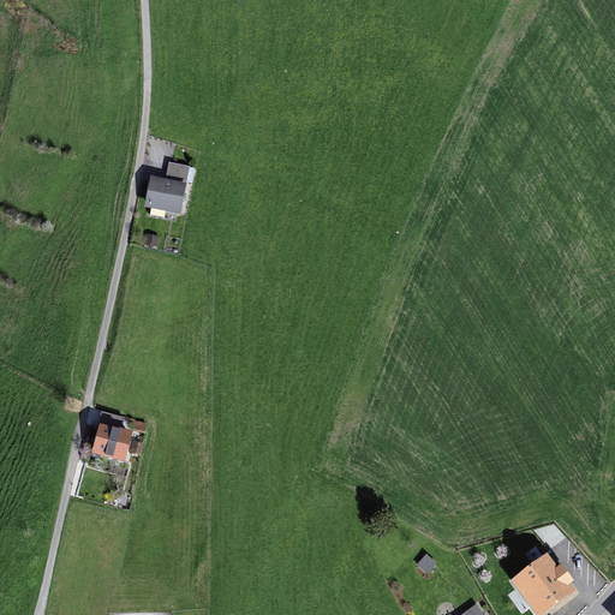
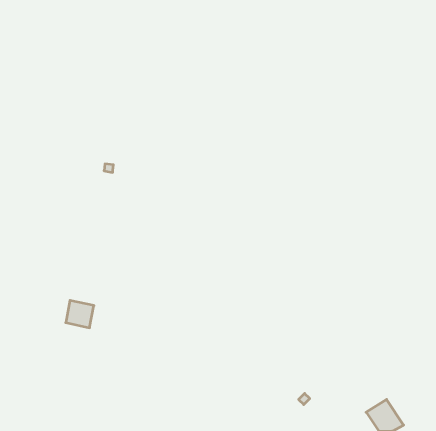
building: [145,157,190,209] -> none

